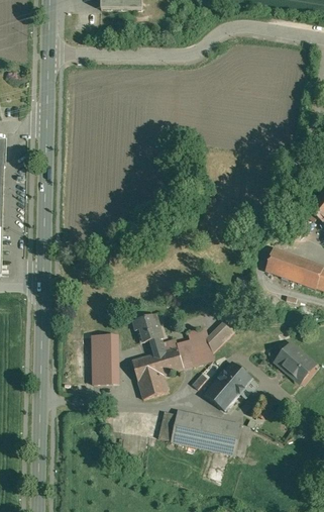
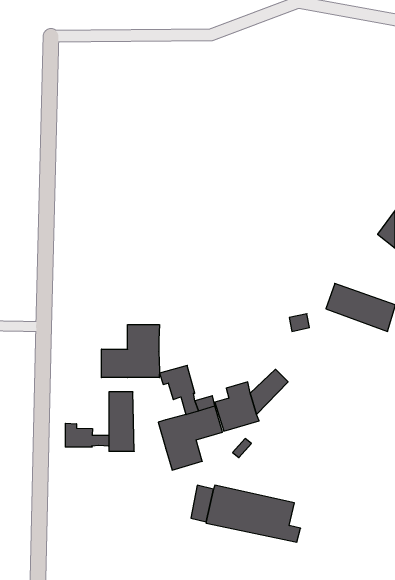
building: none -> [101,325,160,378]
building: [276,343,315,381] -> none
building: none -> [65,423,109,447]
building: [205,361,253,409] -> none

